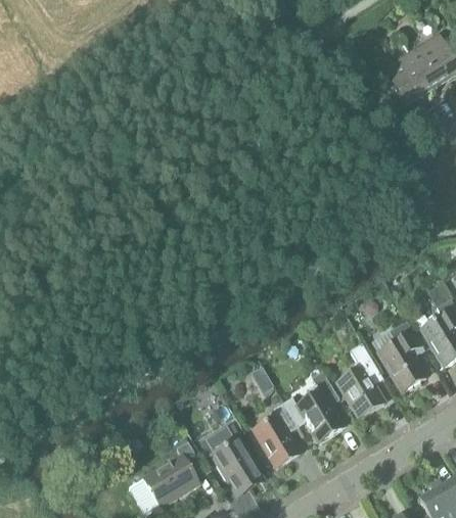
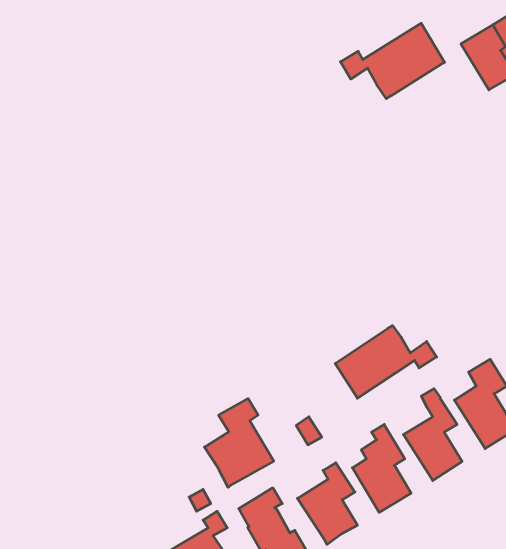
building: none -> [340,23,445,99]
building: none -> [335,326,437,398]
building: none -> [204,399,274,487]

